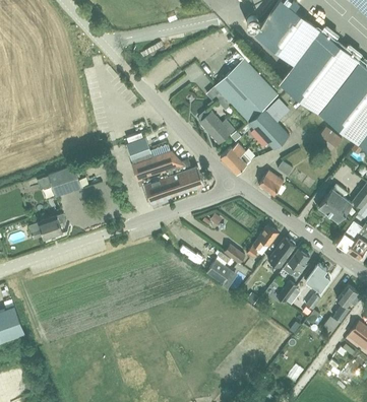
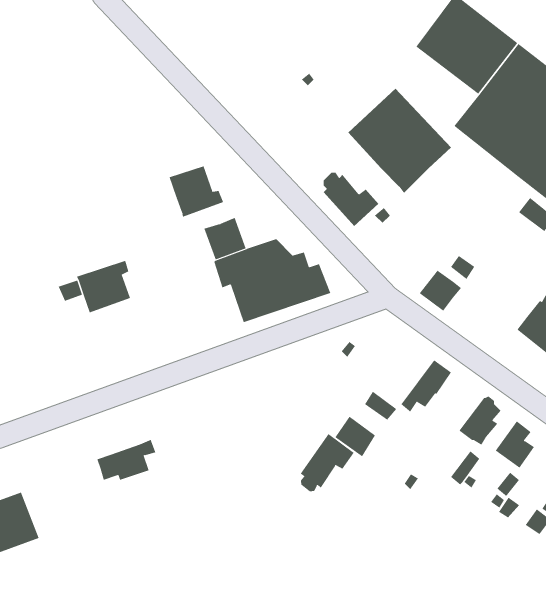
building: none -> [169,165,224,218]
building: [248,109,290,150] -> none
building: [220,144,250,175] -> none
building: [29,214,66,240] -> [96,439,156,481]
building: [267,238,296,269] -> none
building: none -> [300,433,355,492]

